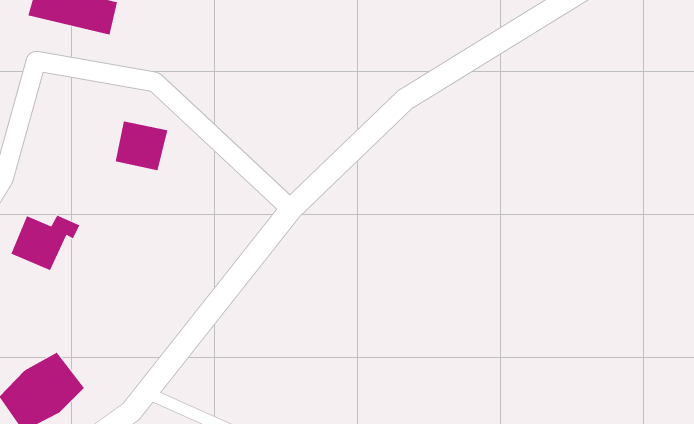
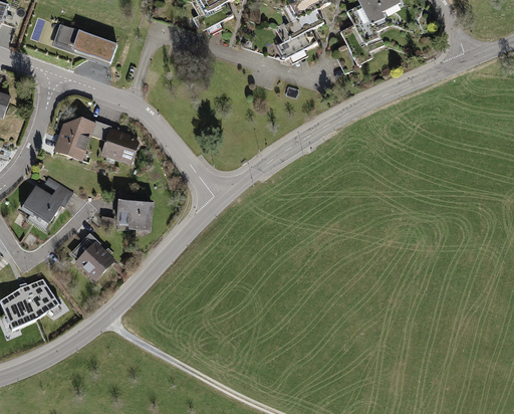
building: none -> [55,114,96,158]
building: none -> [115,197,152,228]
building: none -> [69,233,115,279]

